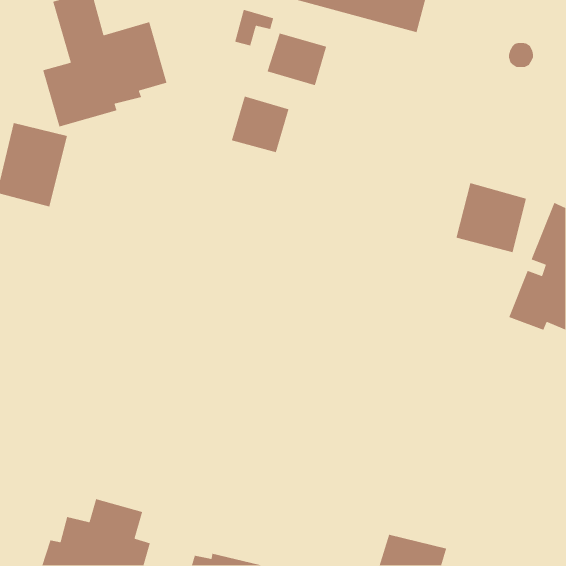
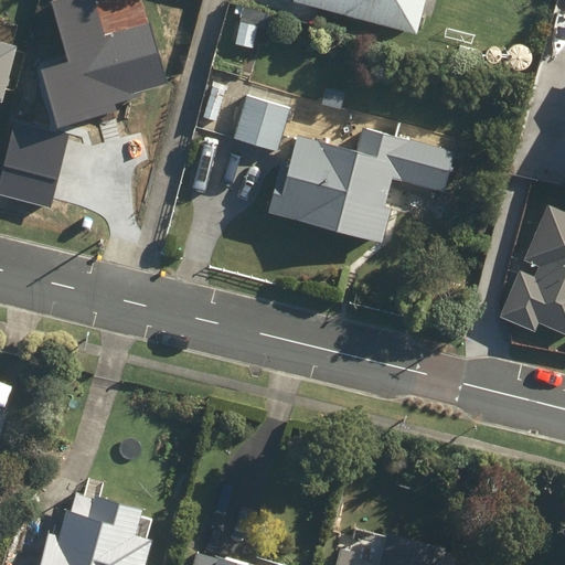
building: [266,32,327,86] -> none
building: none -> [265,128,450,243]
building: [456,182,527,253] -> none

